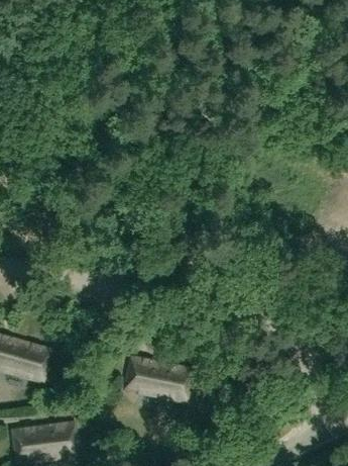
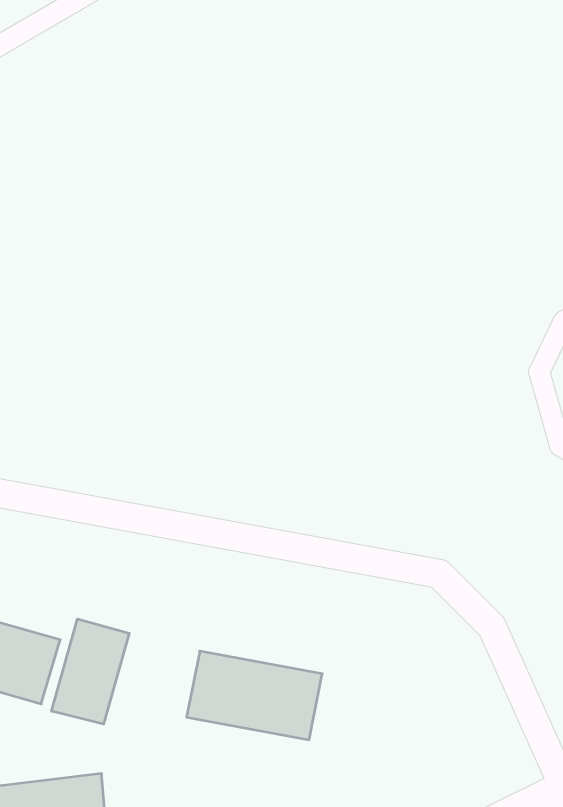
building: none -> [52,619,129,724]

